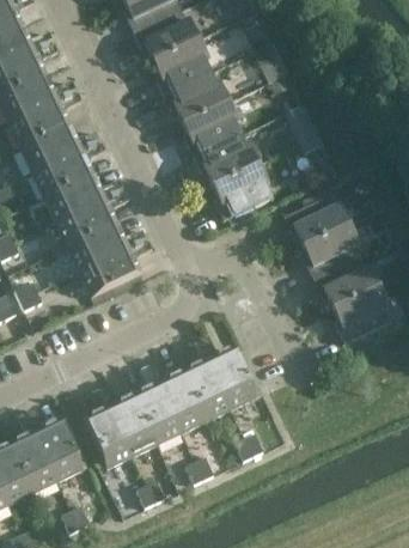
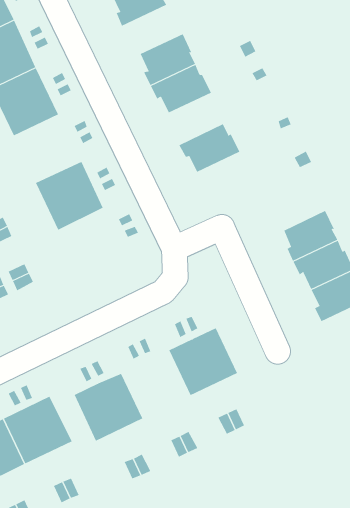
building: [133,10,197,61] -> none
building: [182,102,239,157] -> none
building: [19,124,91,196] -> none
building: [212,164,270,220] -> none
building: [282,194,347,246] -> none
building: [66,223,138,297] -> none
building: [133,372,205,444] -> none

